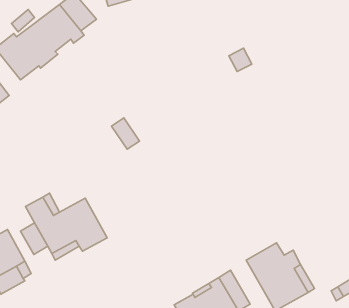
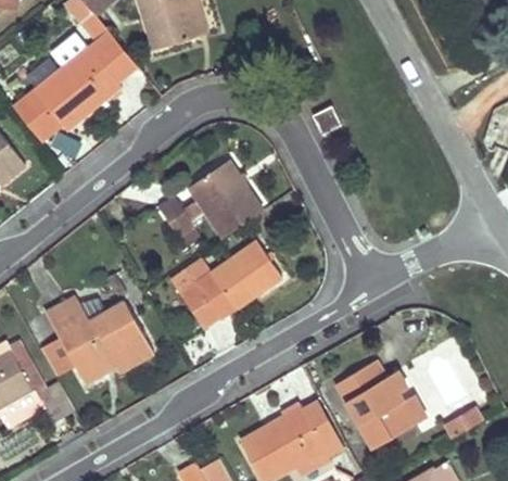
building: none -> [188,159,264,237]
building: none -> [180,240,281,326]

